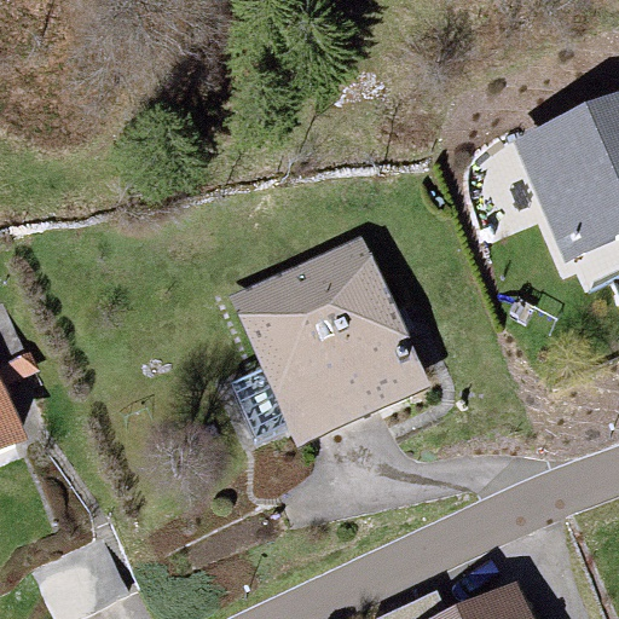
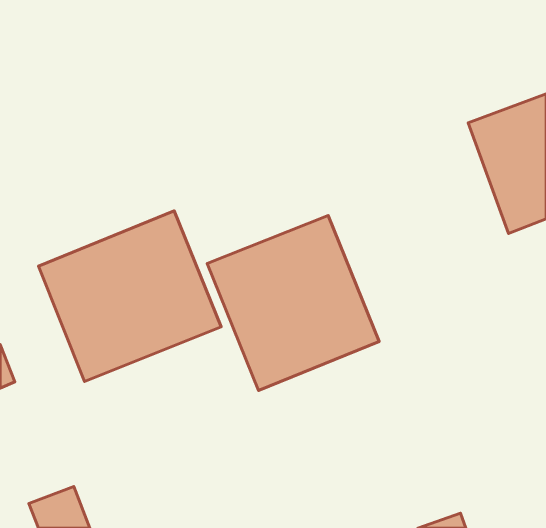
building: none -> [38,211,221,382]

